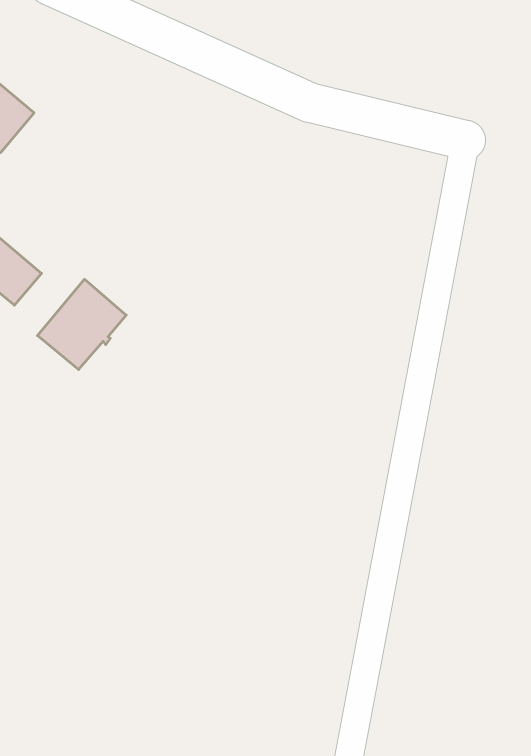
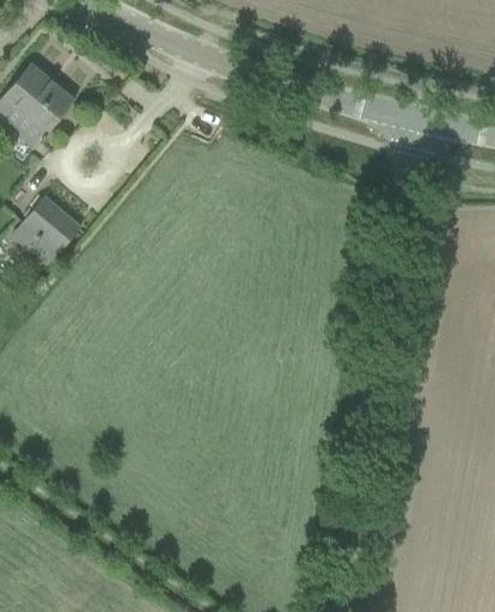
building: [37,279,126,370] -> none

